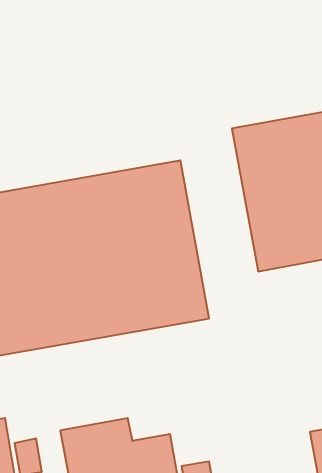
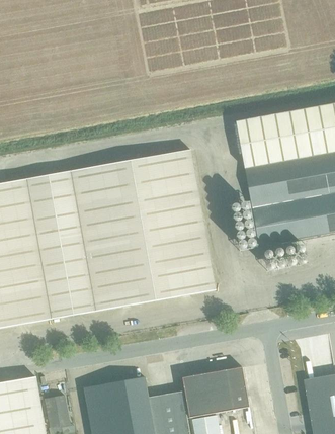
building: none -> [182,367,249,417]

